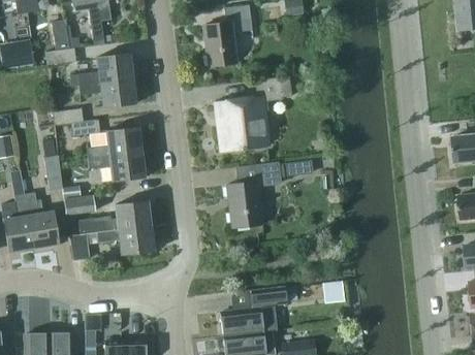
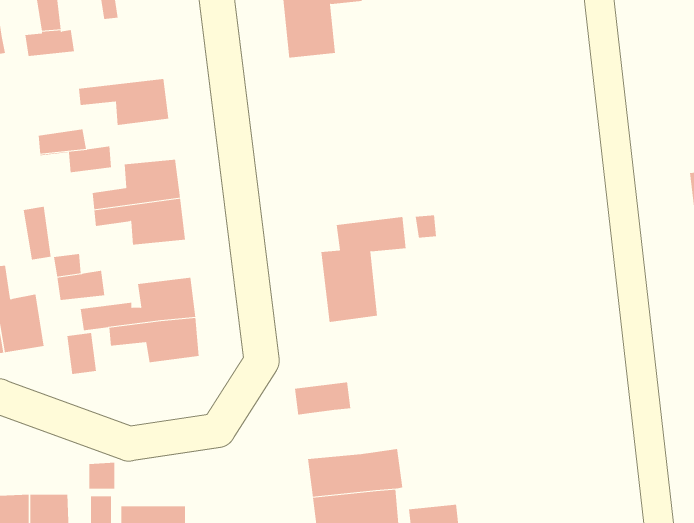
building: [70,54,131,86] -> none
building: [216,76,292,151] -> none
building: [250,288,285,309] -> [294,382,351,415]

